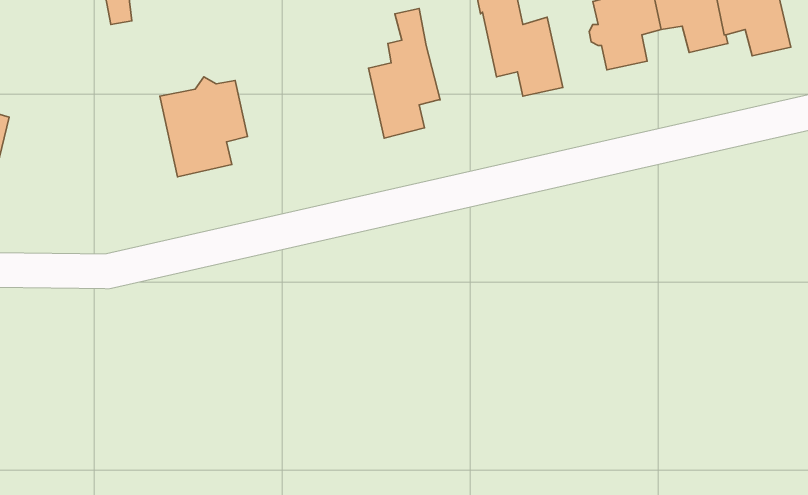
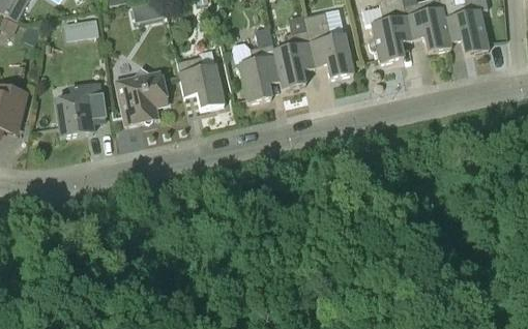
building: none -> [273,29,315,90]
building: none -> [177,55,225,110]
building: none -> [55,81,106,137]

